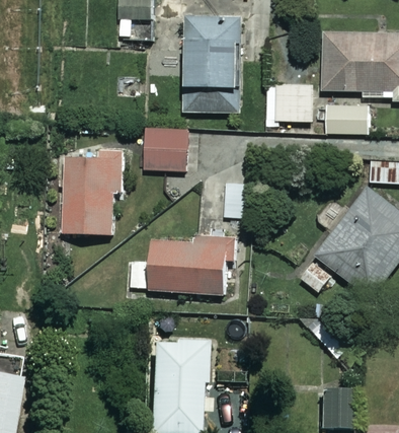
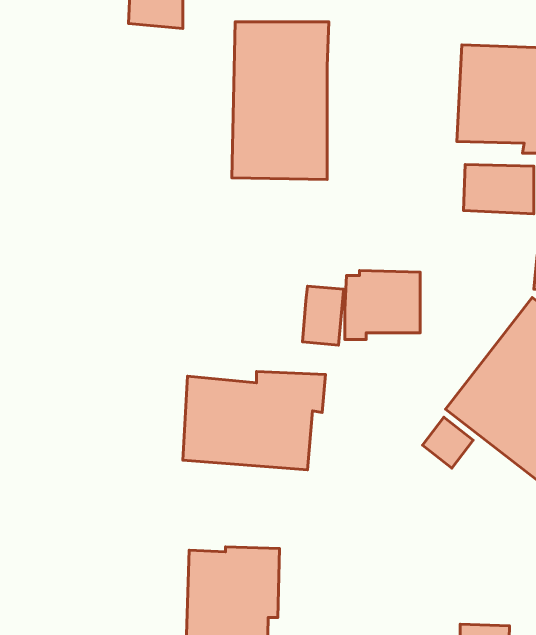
building: [265,83,312,126] -> [345,270,420,339]
building: [146,132,188,172] -> none
building: [59,152,124,231] -> none

